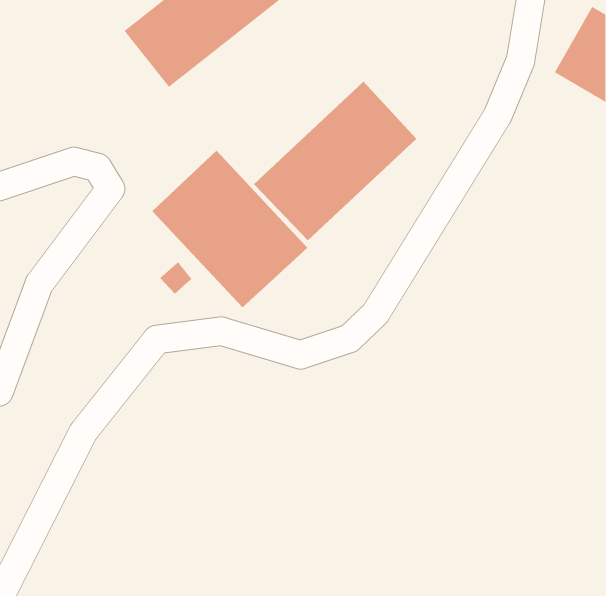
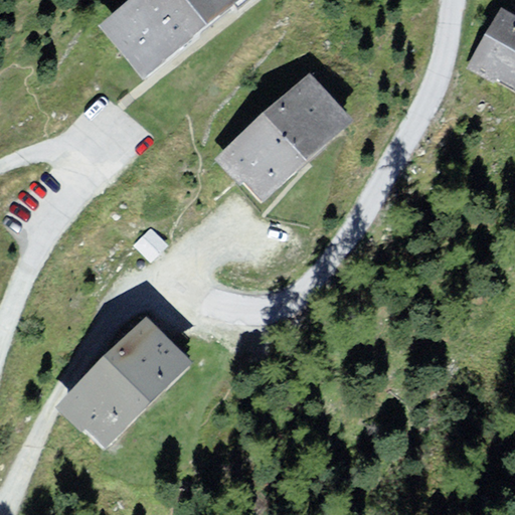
building: [152,150,308,308] -> none
building: none -> [63,322,188,447]

